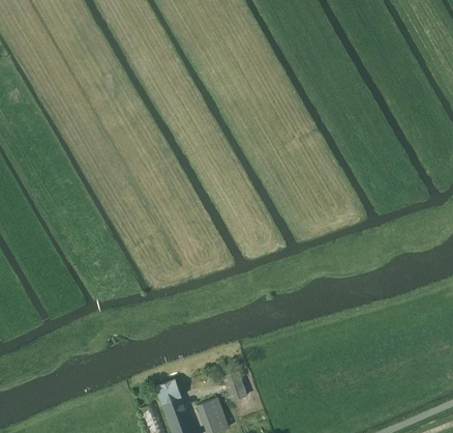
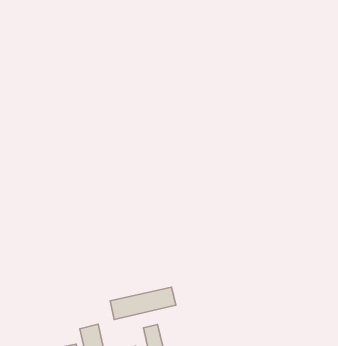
building: none -> [110,287,176,319]

